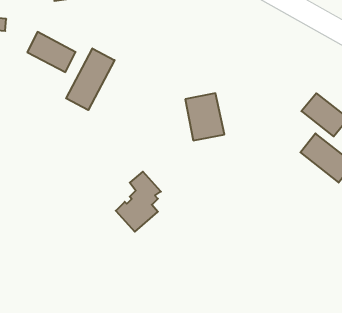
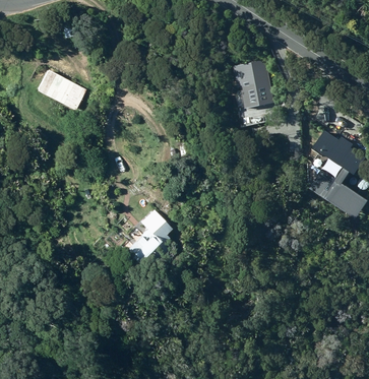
building: [66,48,115,110] -> none
building: [185,93,224,140] -> [237,59,276,107]

